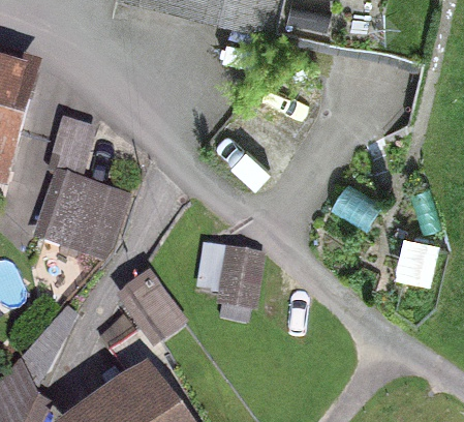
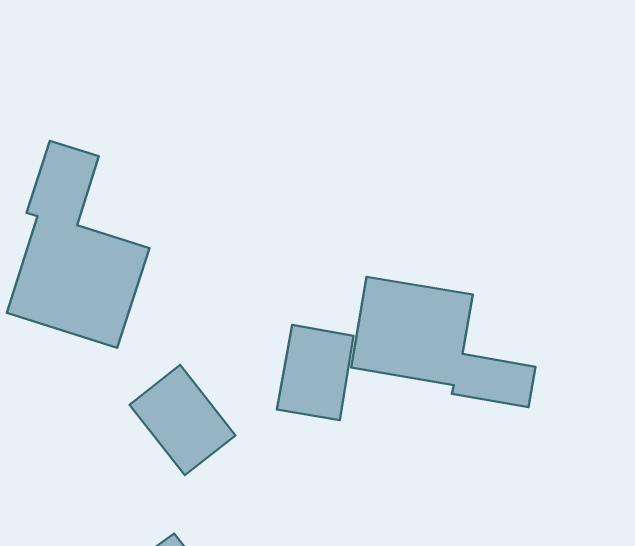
building: none -> [351,277,536,407]

